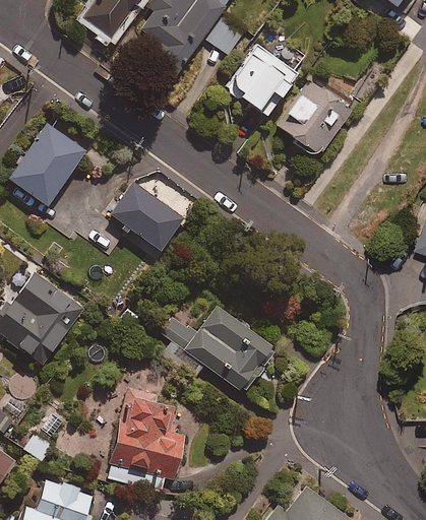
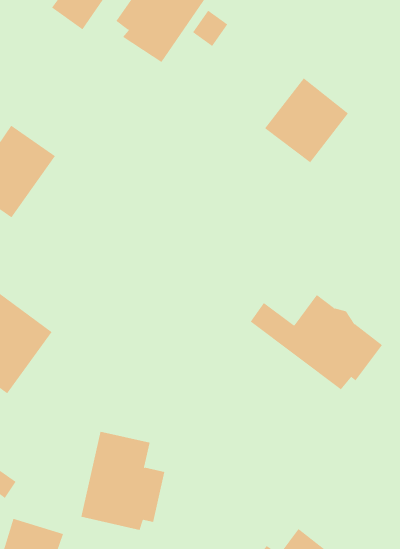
building: [223,41,300,118] -> none
building: [109,181,184,251] -> none
building: [158,305,278,391] -> [250,294,383,390]

